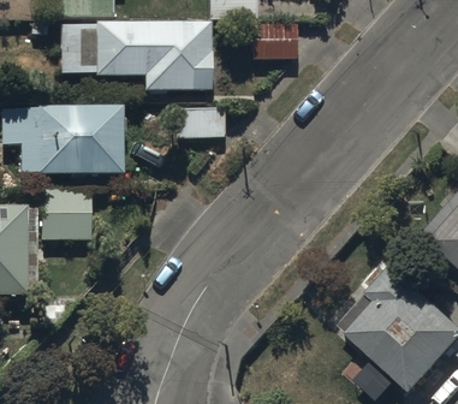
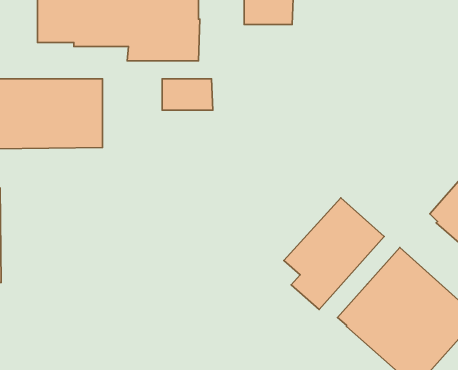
building: [42,186,90,238] -> none
building: none -> [284,198,384,310]

